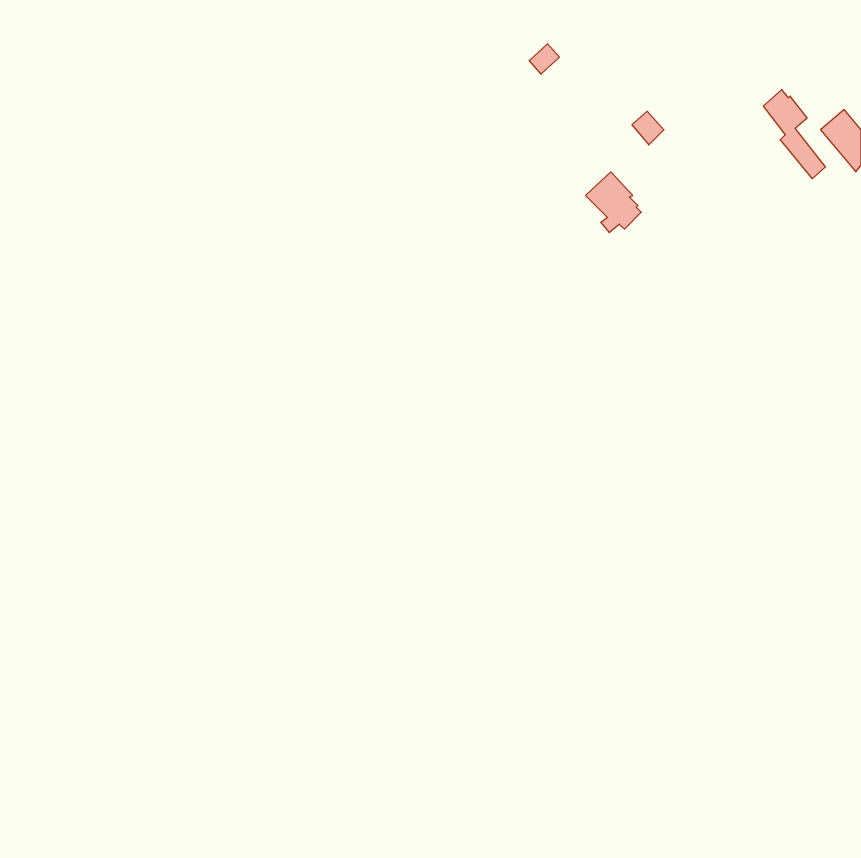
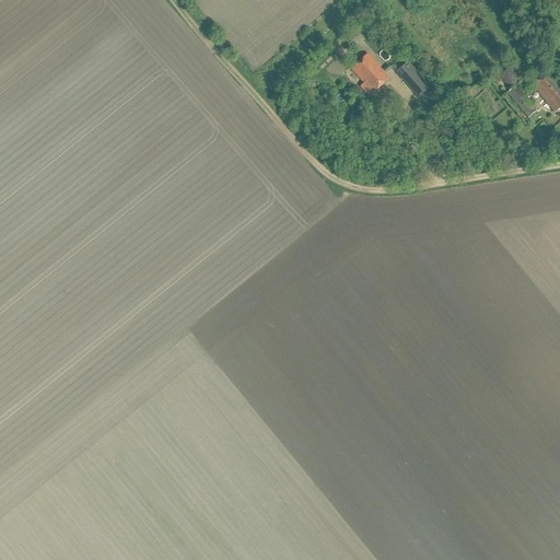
building: [586,172,641,233] -> [351,54,387,93]

